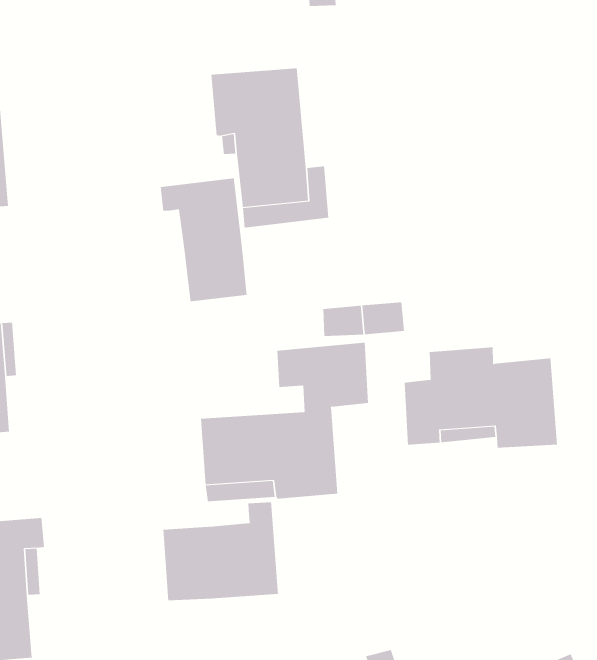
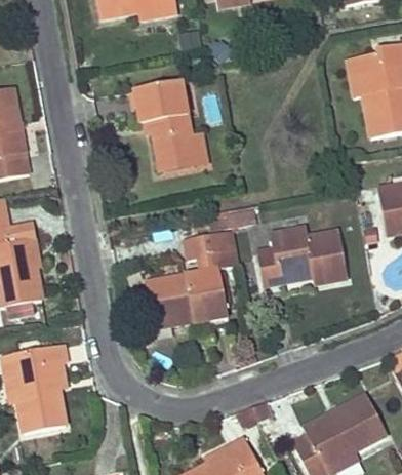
building: [160,177,247,302] -> none
building: [163,501,278,601] -> none

